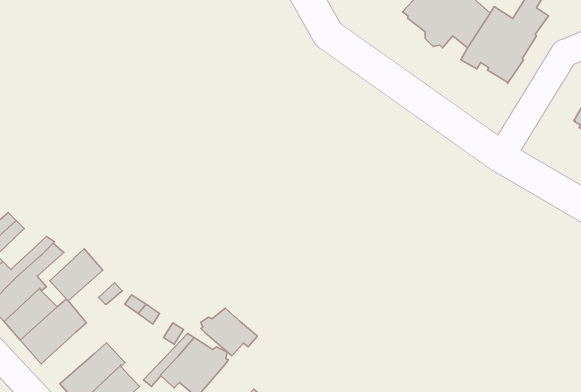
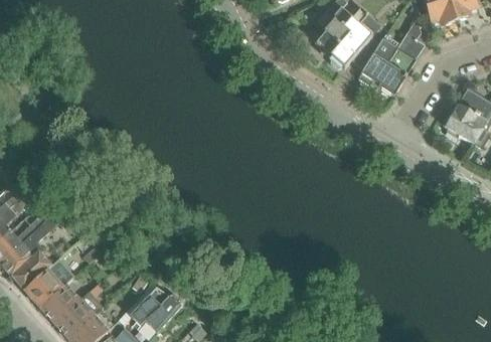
building: [50,249,103,301] -> [40,284,80,323]
building: [201,308,257,356] -> none

